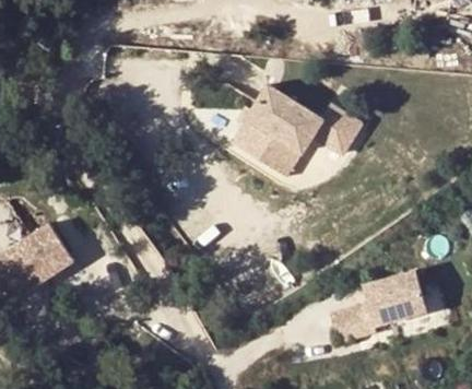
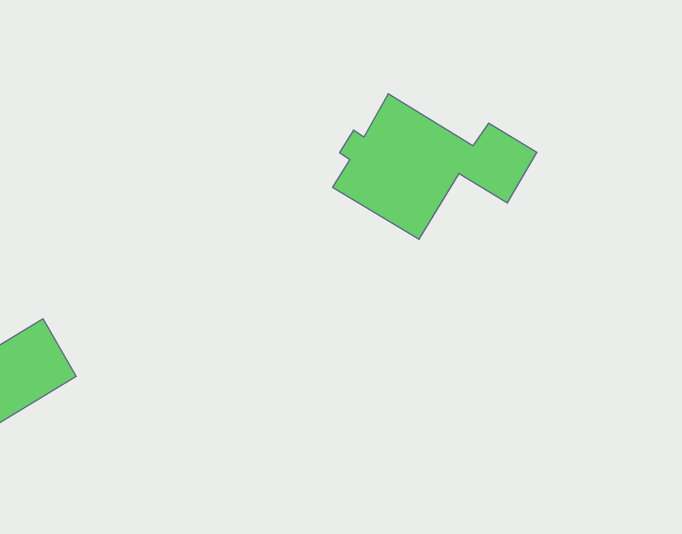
building: [329,271,425,339] -> none

